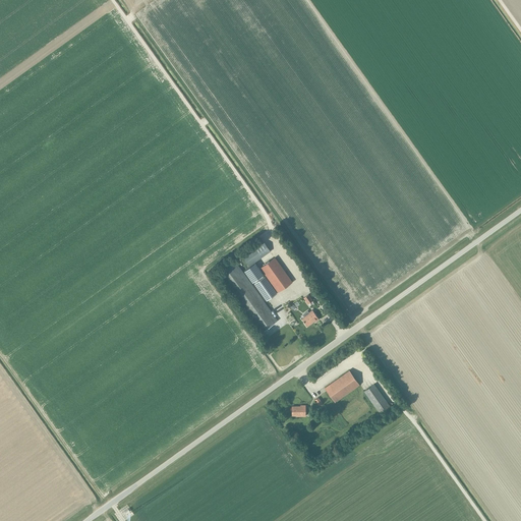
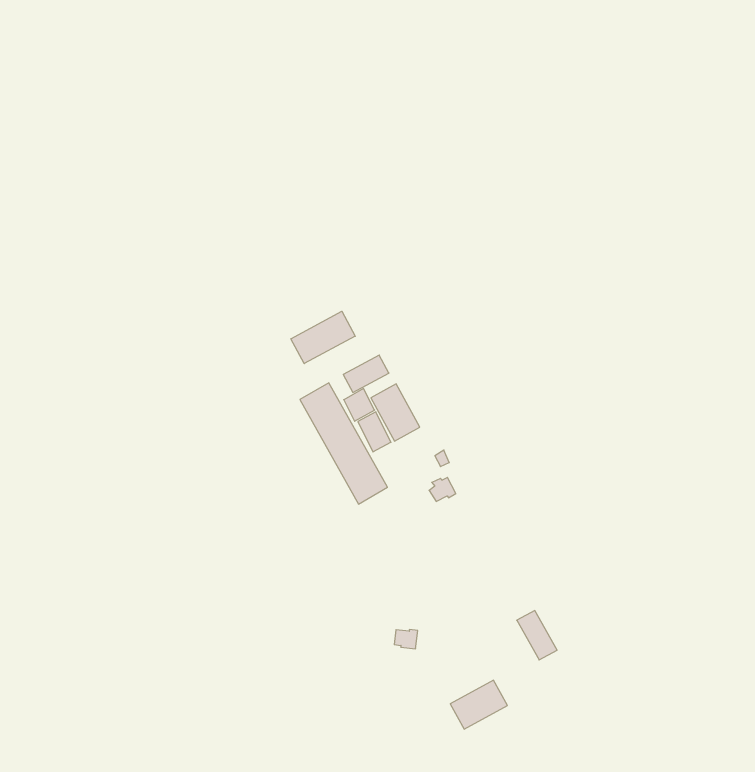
building: none -> [291,311,355,364]
building: [326,370,360,402] -> [450,680,507,729]

